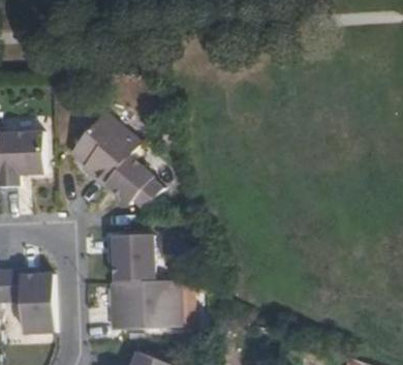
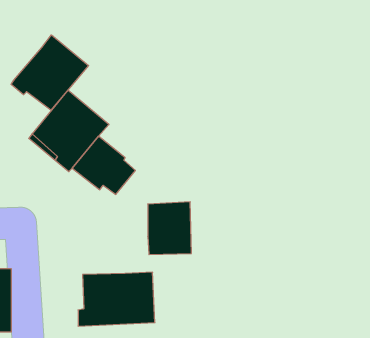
building: none -> [11,35,89,110]
building: [114,233,153,280] -> [148,202,191,255]

